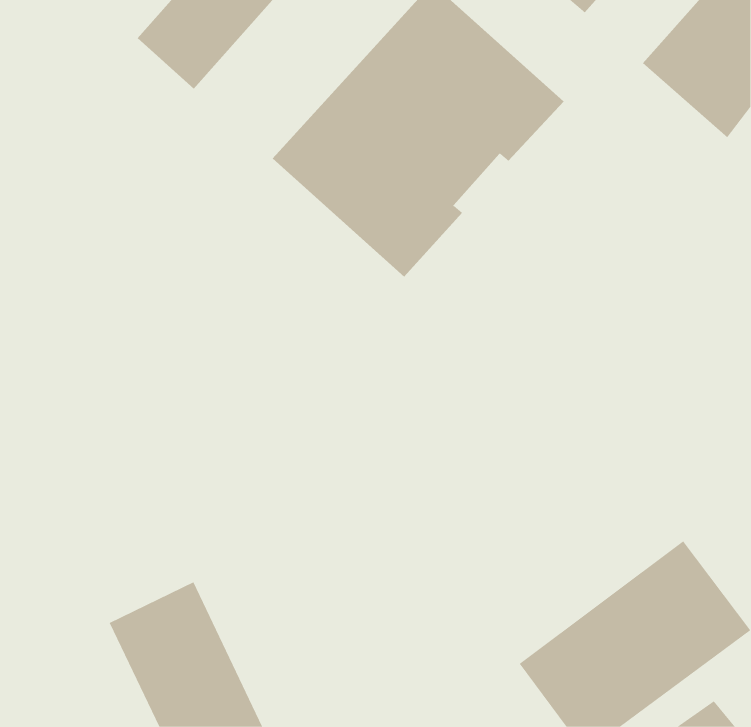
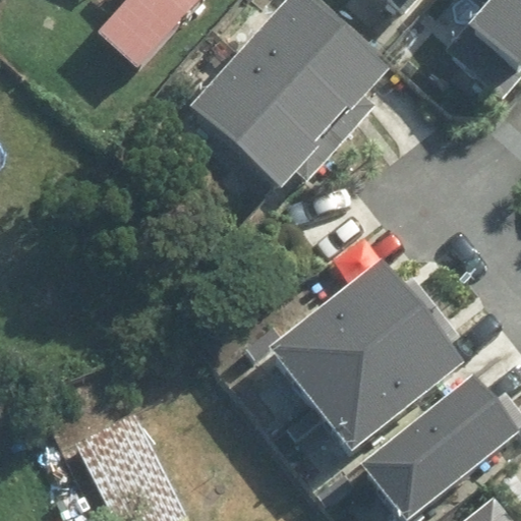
building: none -> [272,262,463,451]

